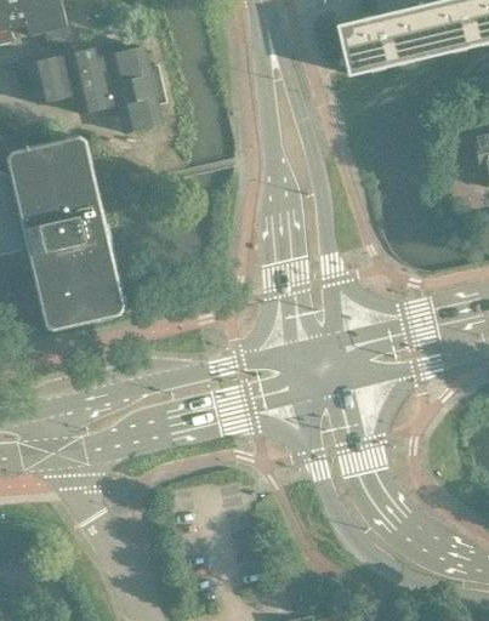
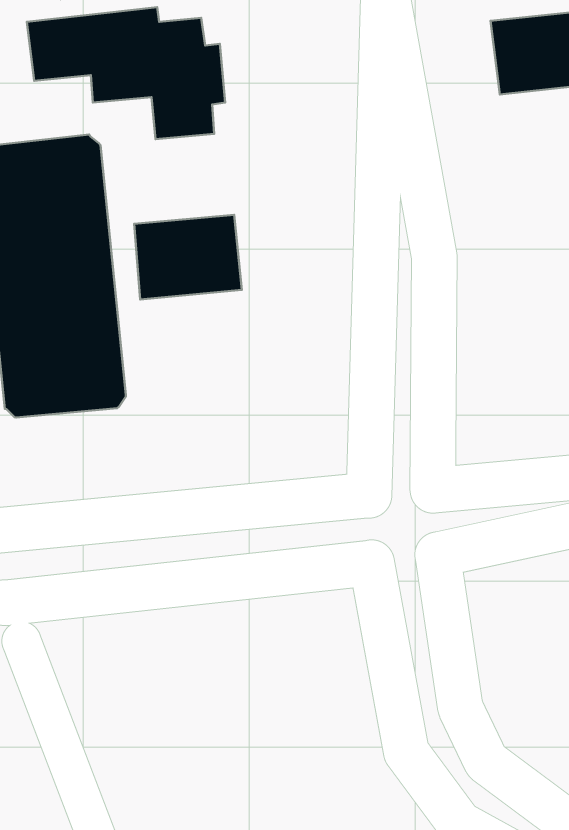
building: none -> [134,215,242,299]

